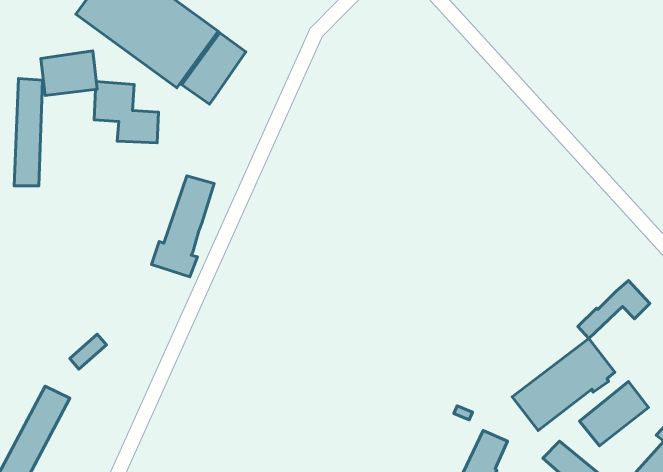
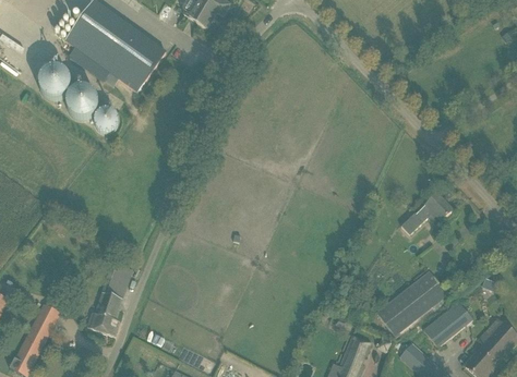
building: [182,33,246,104] -> none
building: [14,79,42,186] -> none
building: [151,176,214,277] -> [86,264,131,336]
building: [578,281,650,339] -> [400,193,452,234]

